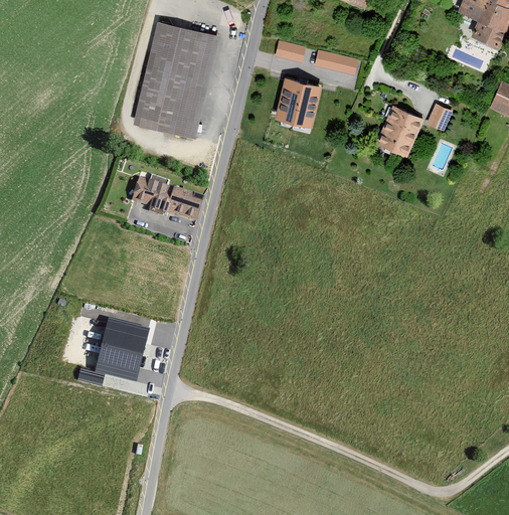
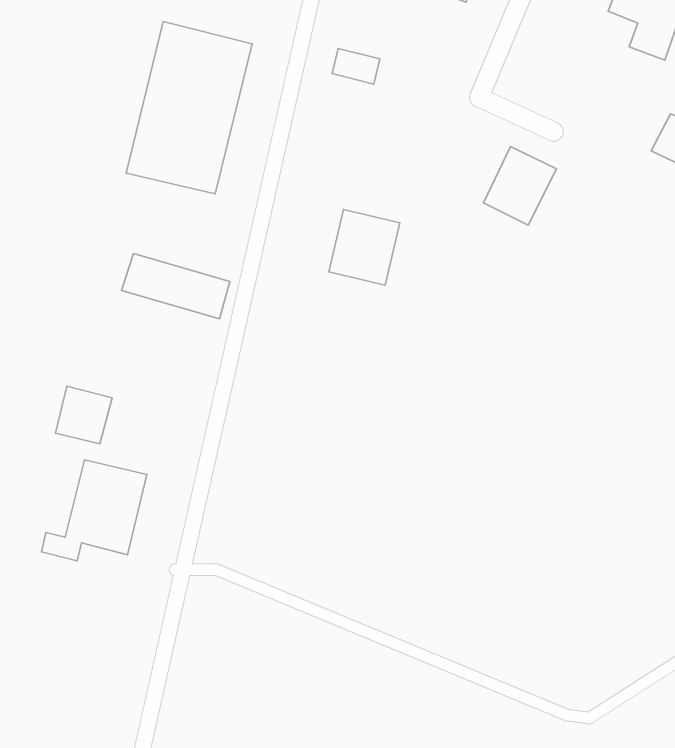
building: [313,49,356,73] -> none
building: [273,75,321,127] -> [329,210,400,285]
building: [427,104,451,131] -> none
building: none -> [56,386,112,444]

